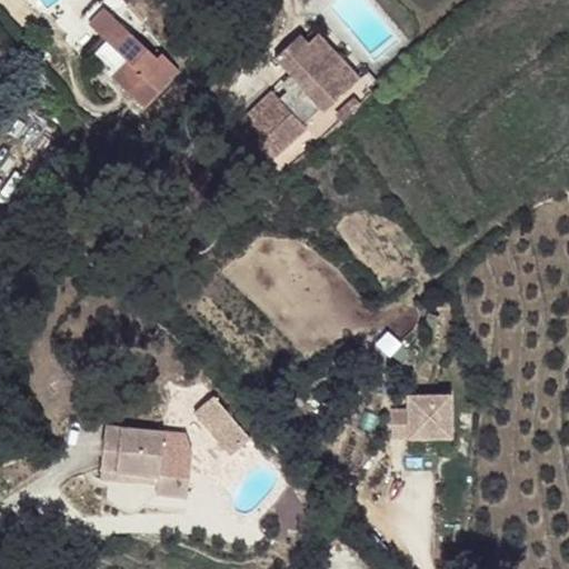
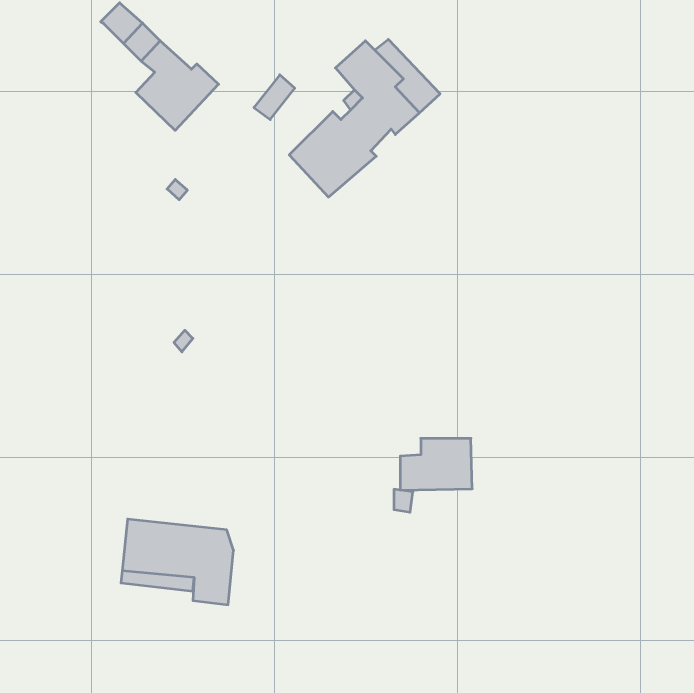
building: [194,393,250,452] -> none
building: [392,396,451,438] -> [400,438,472,490]

